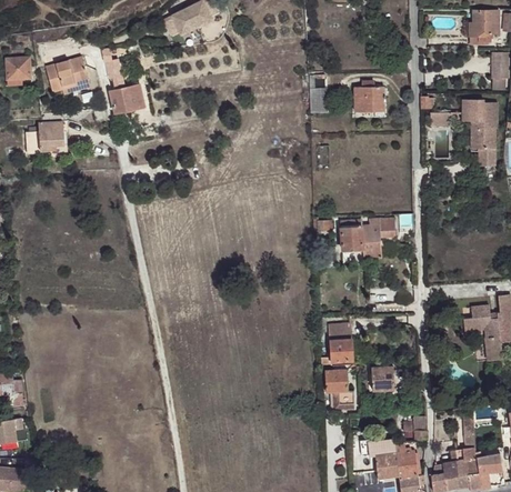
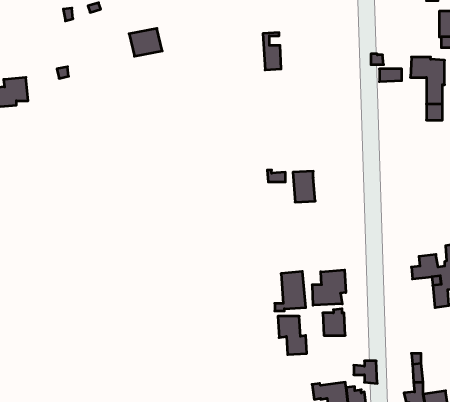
building: [46,57,91,93] -> none
building: [110,84,144,113] -> [129,28,162,56]
building: [354,87,384,112] -> none
building: [361,219,395,259] -> none
building: none -> [312,270,346,305]

